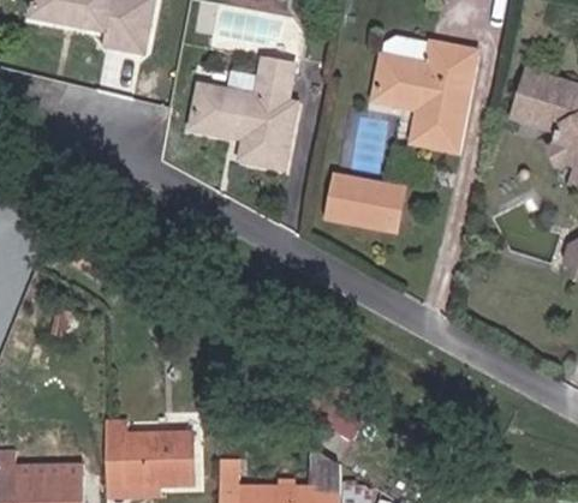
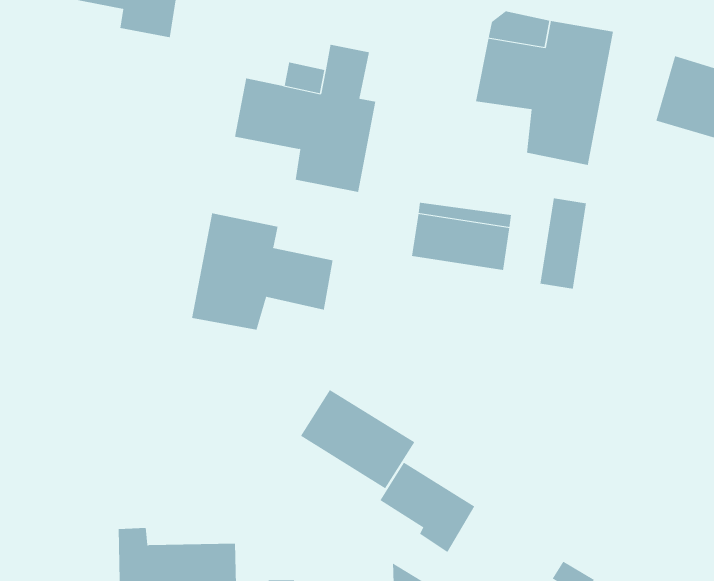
building: none -> [540,197,587,290]
building: none -> [191,212,333,330]
building: none -> [300,389,415,489]

